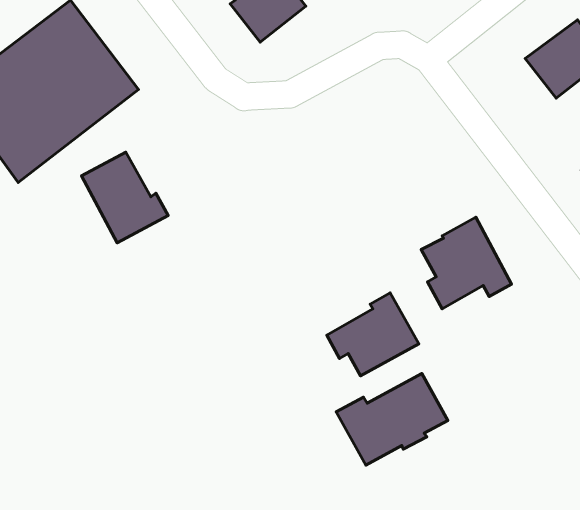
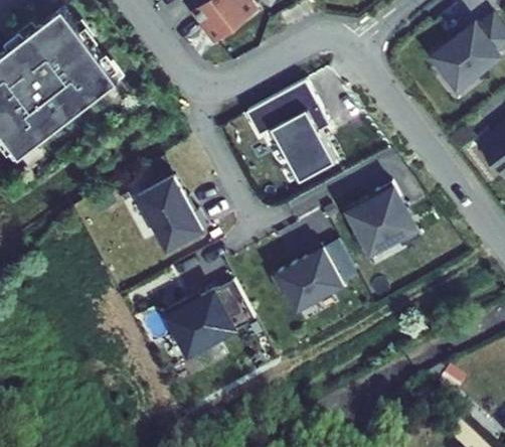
building: none -> [244,81,334,181]
building: [81,152,168,243] -> [137,176,207,250]
building: [336,373,448,465] -> [165,284,256,358]

